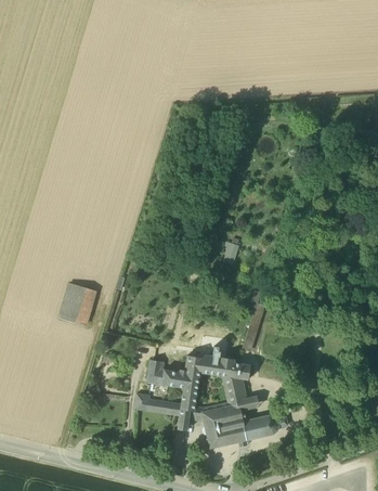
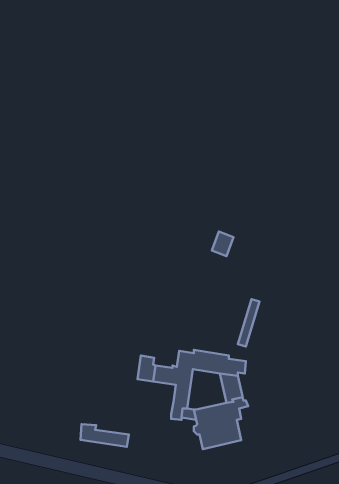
building: [58,283,94,326] -> none
building: [134,393,181,415] -> [80,424,129,447]
building: [242,415,287,440] -> none

